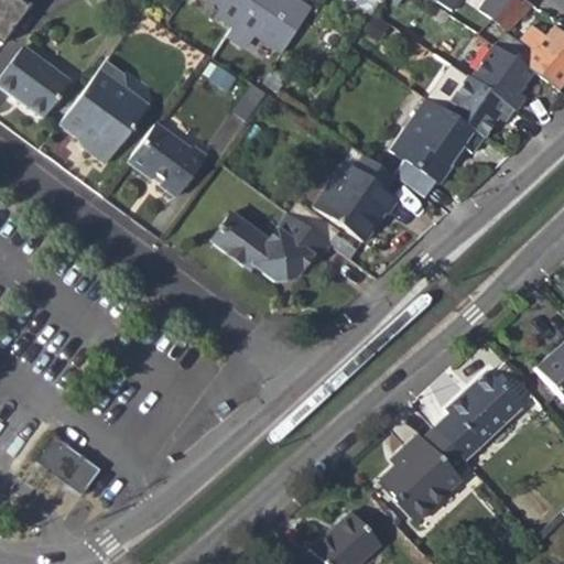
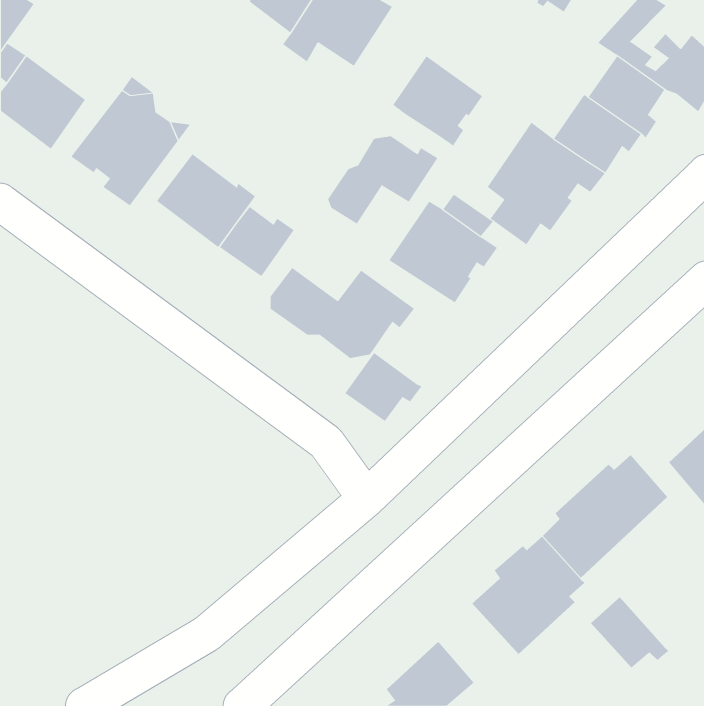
building: none -> [392,55,483,146]
building: none -> [328,135,438,224]
building: none -> [219,206,294,277]
building: none -> [345,352,422,422]
building: [31,435,100,498] -> none
building: none -> [590,597,669,668]

